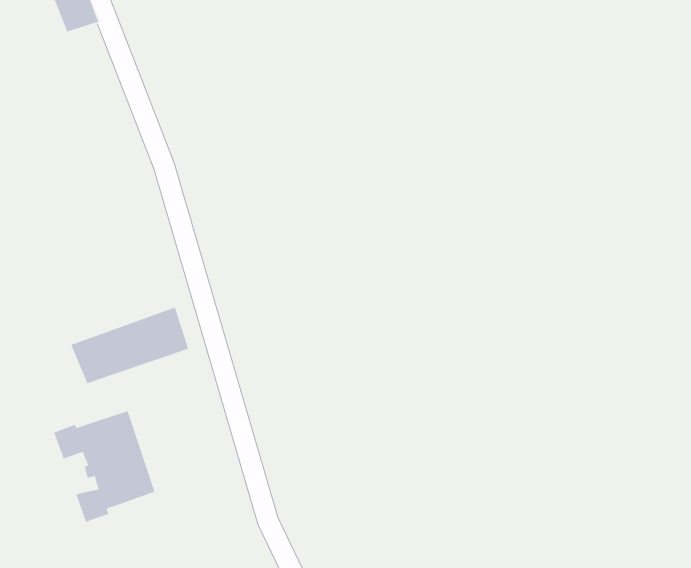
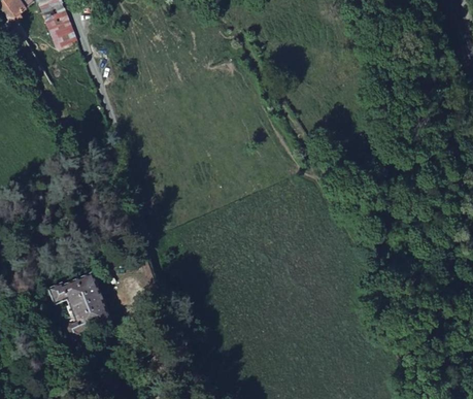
building: [70,307,189,384] -> none

